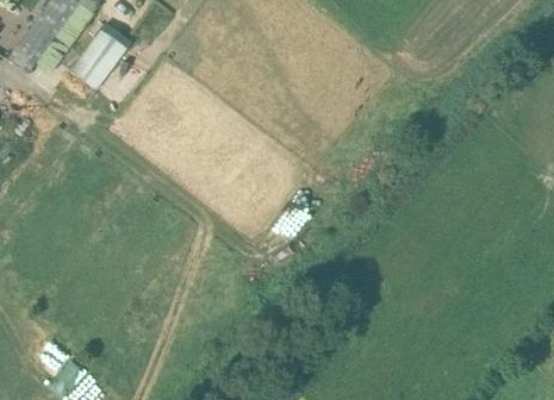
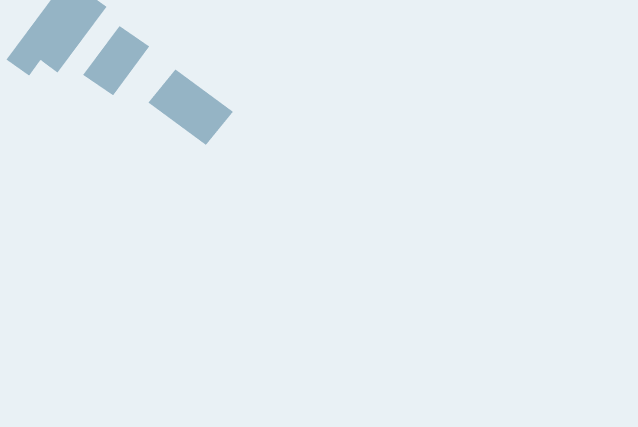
building: none -> [148,68,234,146]

